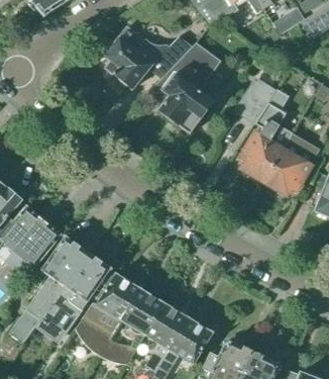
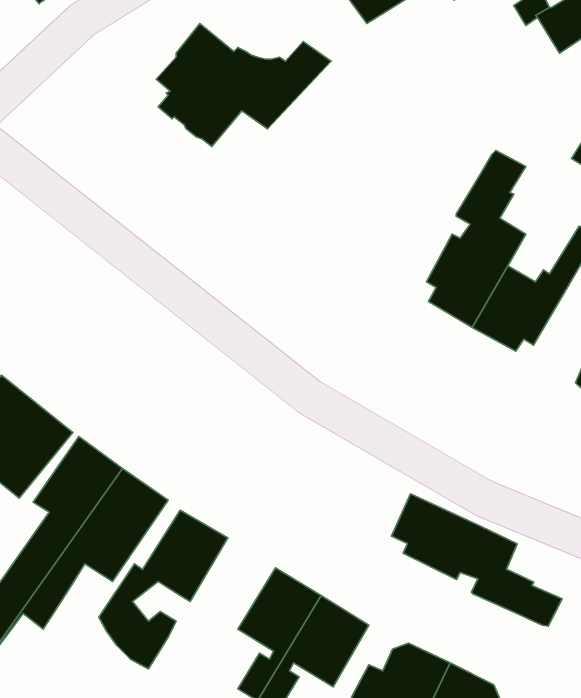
building: [150,45,215,133] -> none
building: [236,81,275,123] -> none
building: none -> [392,494,562,626]
building: [100,288,164,364] -> none

